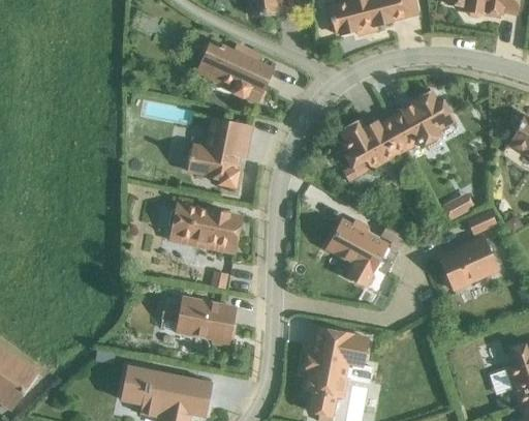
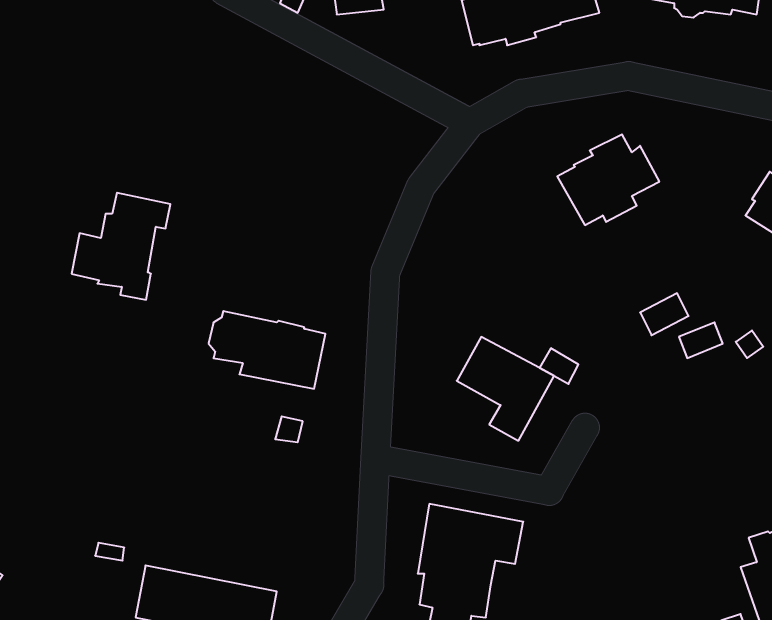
building: [201,40,273,102] -> none
building: [341,118,408,170] -> none
building: [188,119,251,187] -> [72,193,170,300]
building: [439,236,498,290] -> none
building: [162,298,236,344] -> none

